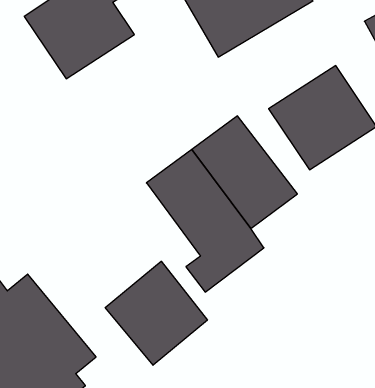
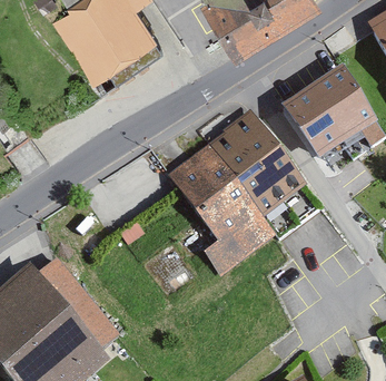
building: [105,261,207,365] -> none

